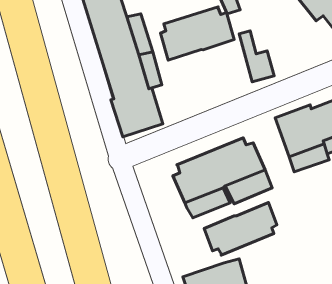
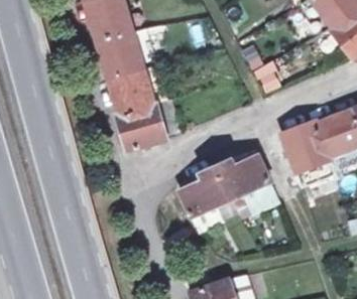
building: [161,7,234,60] -> none
building: [204,202,277,255] -> none

